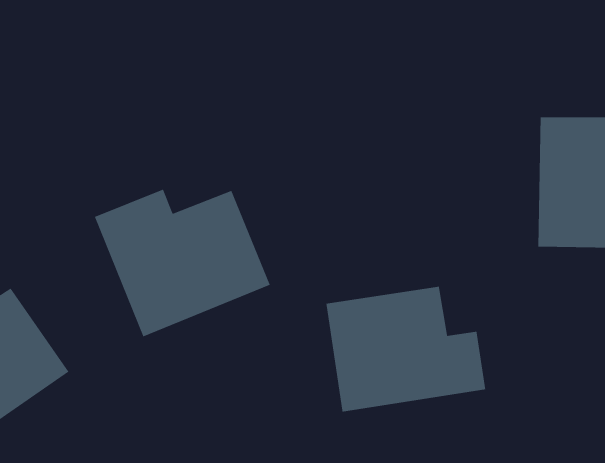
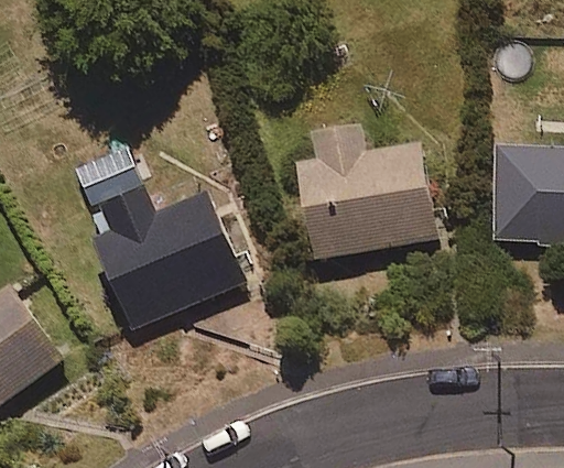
building: none -> [301,128,438,258]
building: [326,286,486,413] -> none

